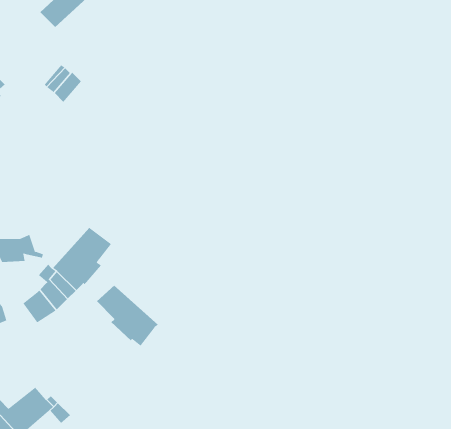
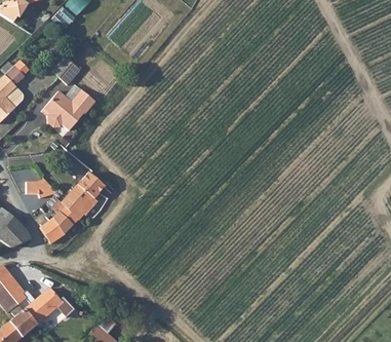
building: none -> [45,82,100,128]
building: [96,285,159,347] -> none

